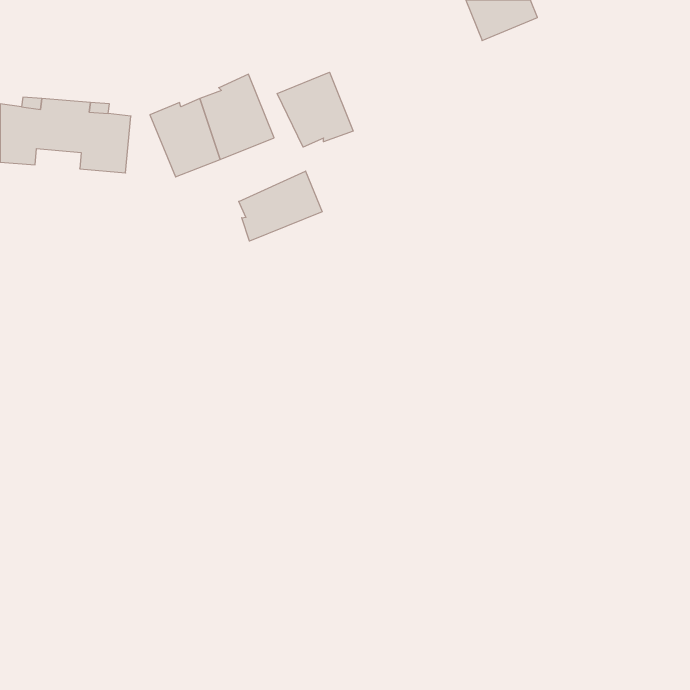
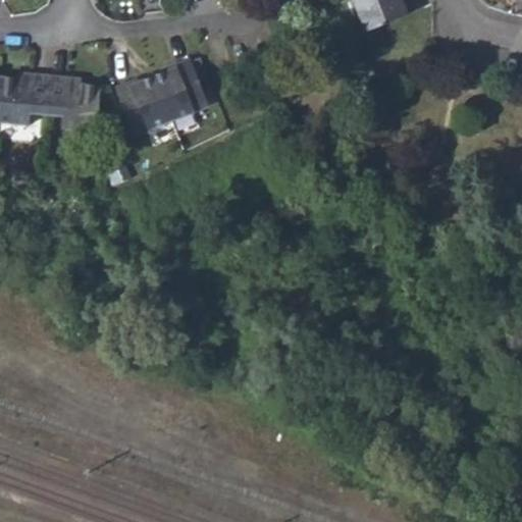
building: [277,72,353,147] -> none
building: [239,171,322,241] -> none

